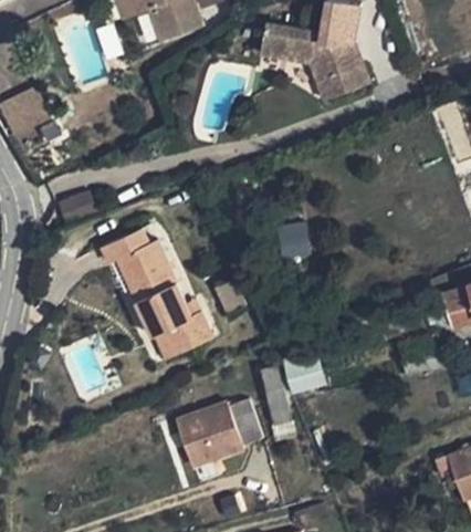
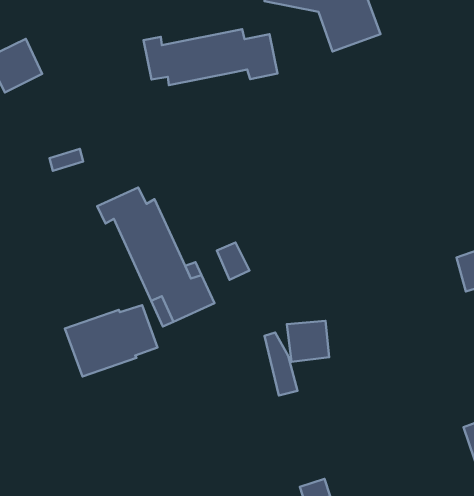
building: none -> [143,29,278,85]
building: [276,222,307,258] -> none
building: [177,398,264,466] -> [65,305,157,377]

